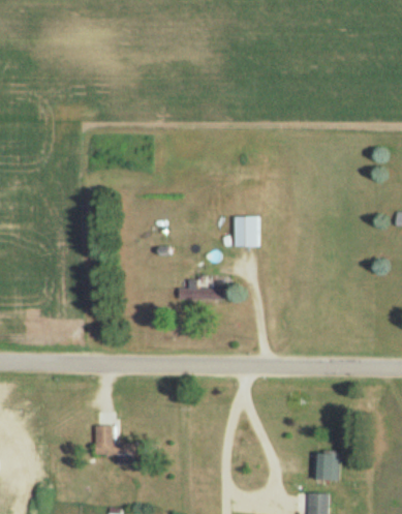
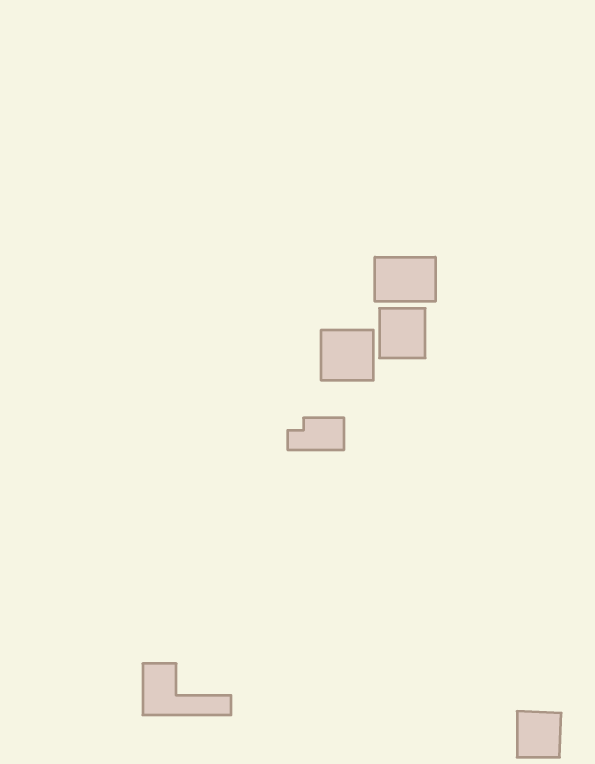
building: none -> [375,257,435,301]
building: none -> [321,330,373,380]

